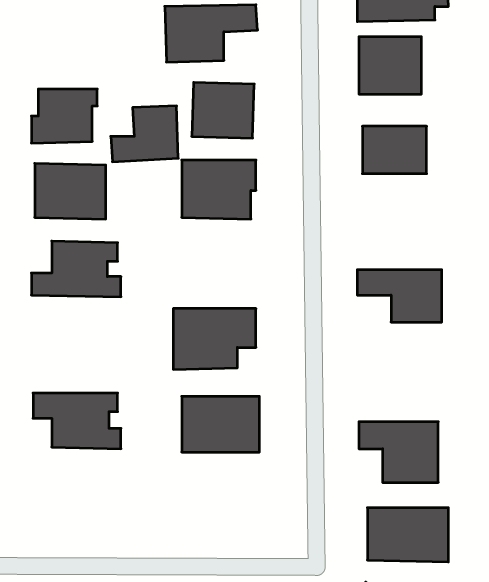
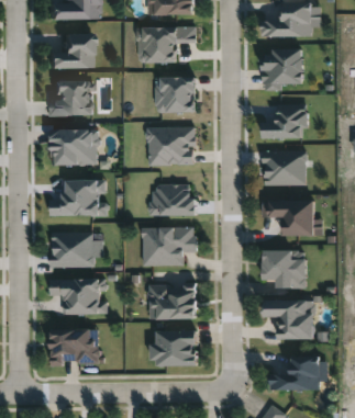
building: [111,106,178,162] -> [48,35,92,71]
building: none -> [264,149,304,184]
building: none -> [152,185,196,217]
building: none -> [51,234,102,269]
building: none -> [263,248,306,286]
building: none -> [49,328,97,363]
building: none -> [154,329,199,364]

